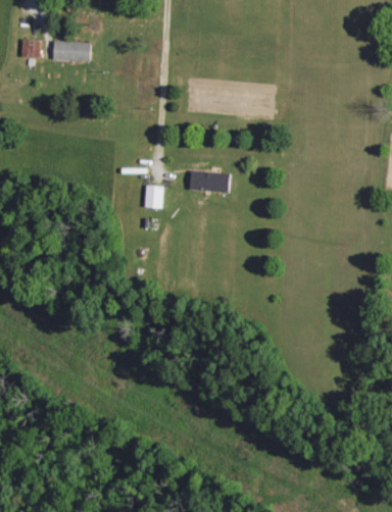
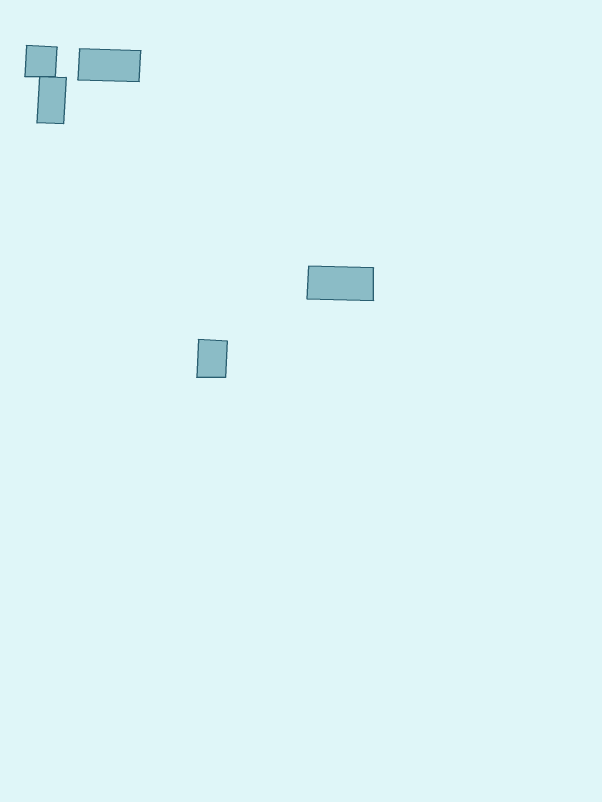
building: none -> [37,77,66,124]
building: [145,185,163,207] -> [197,340,227,377]

